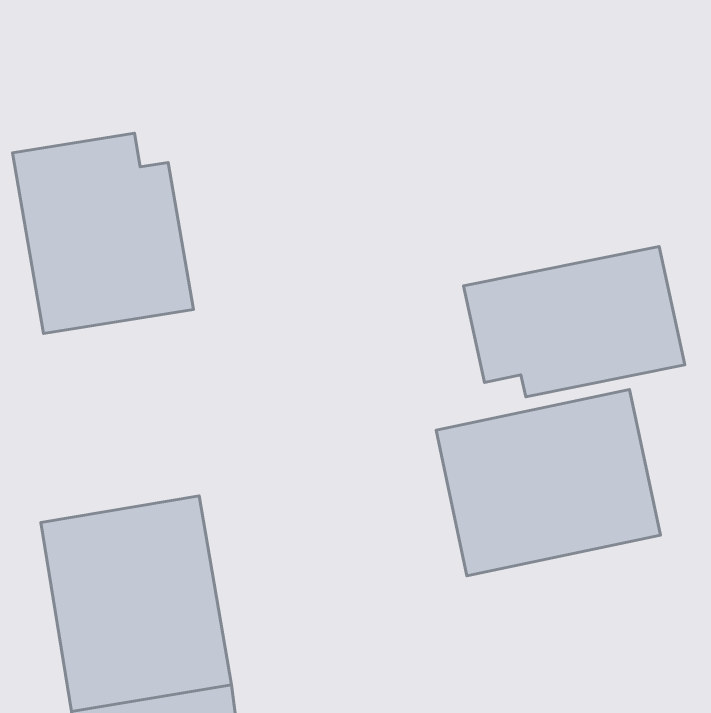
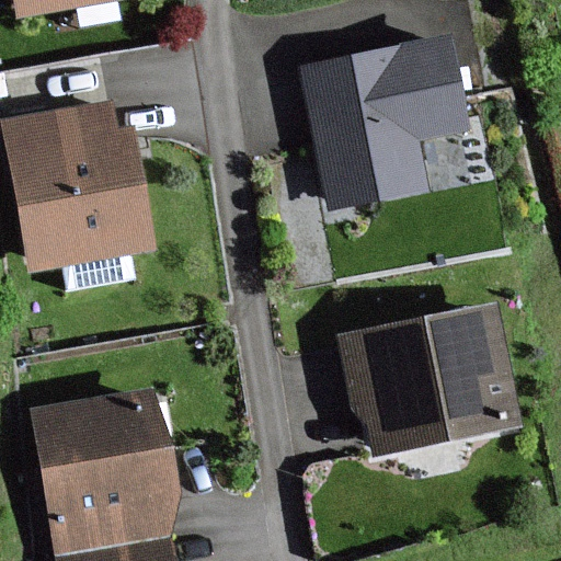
building: none -> [305,39,469,204]
building: [464,246,685,397] -> none

